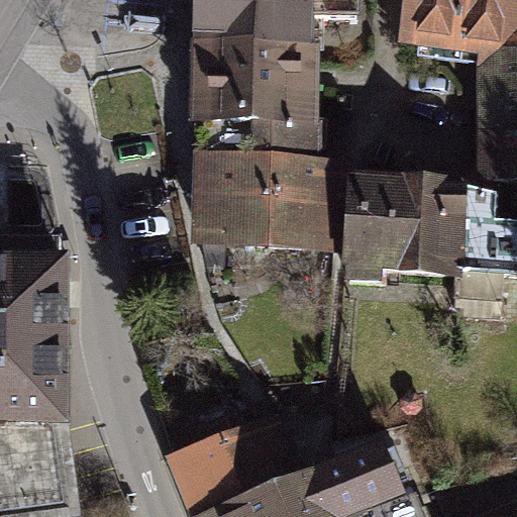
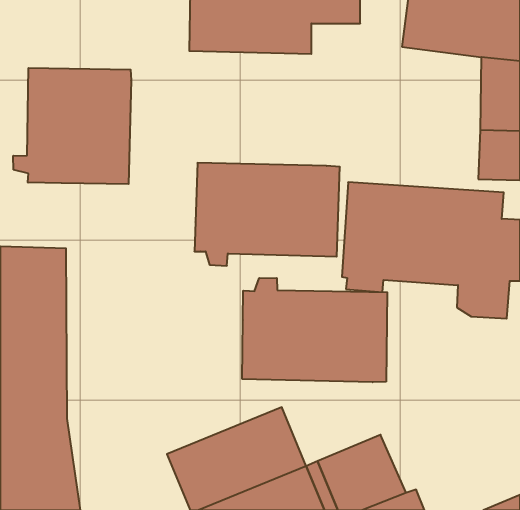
building: [186,50,325,165] -> none
building: none -> [13,68,131,184]
building: none -> [242,278,387,382]

